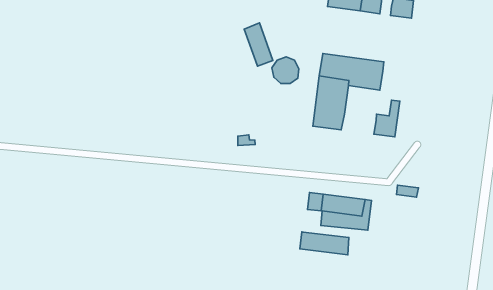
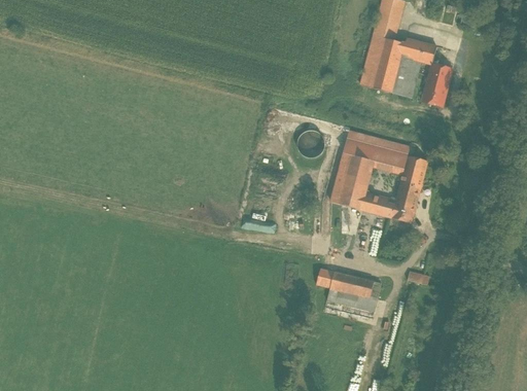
building: [244,23,273,66] -> none
building: none -> [394,155,428,201]
building: none -> [359,193,395,217]
building: [300,232,349,255] -> none

